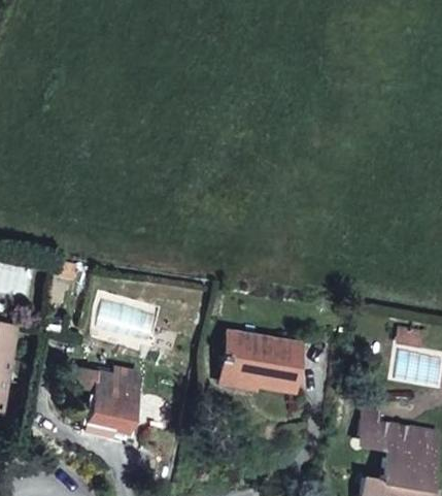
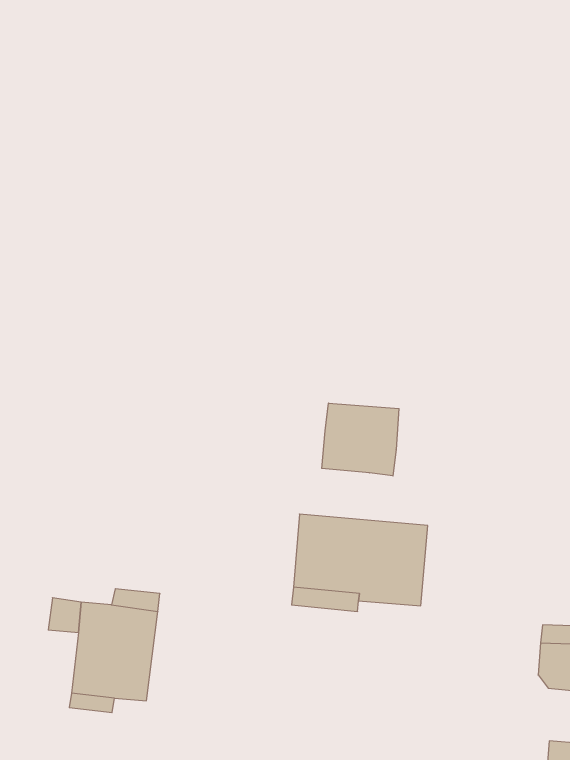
building: none -> [322,403,399,476]

